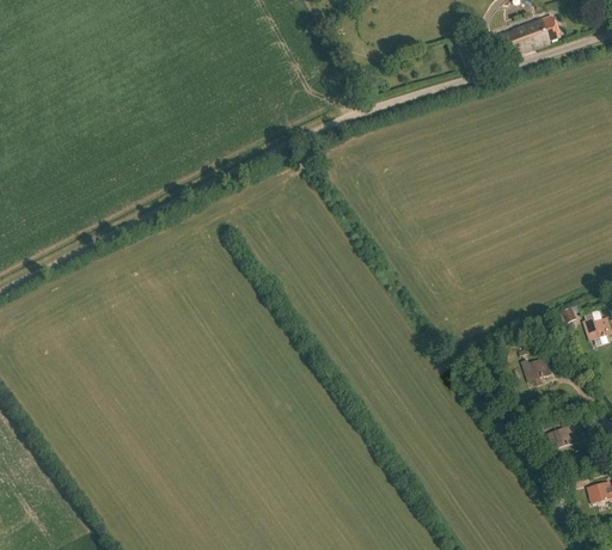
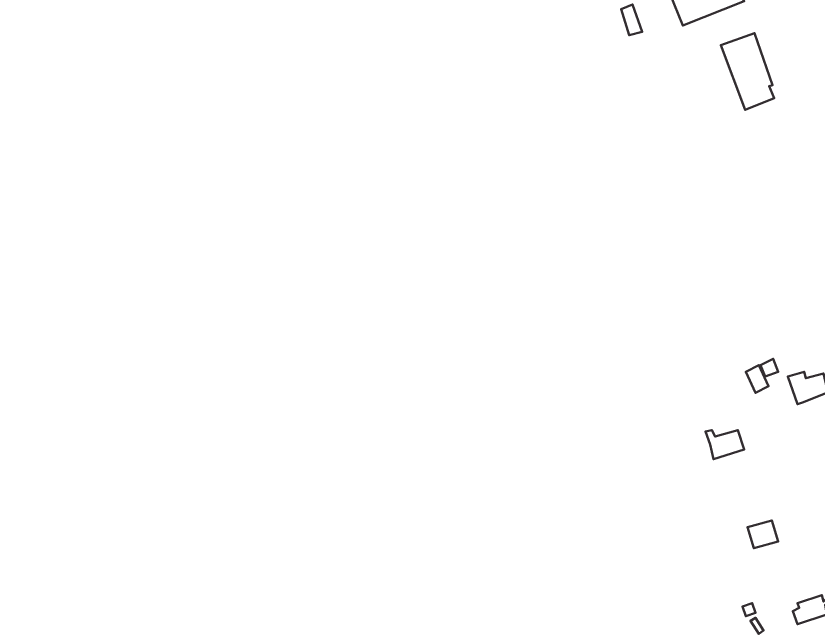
building: none -> [721,33,774,110]

